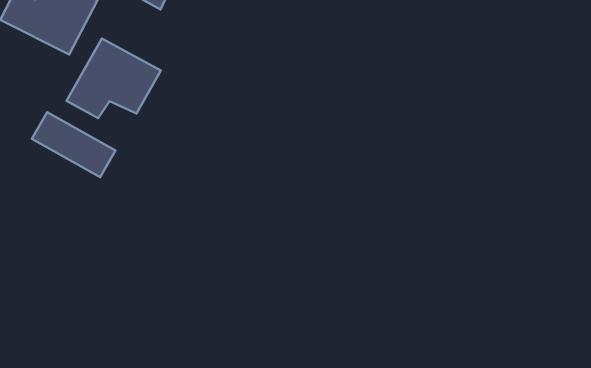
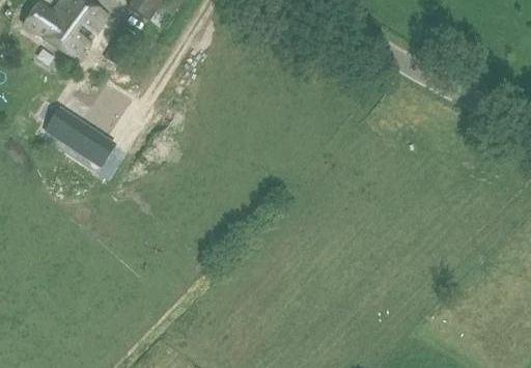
building: [67,39,161,118] -> none

